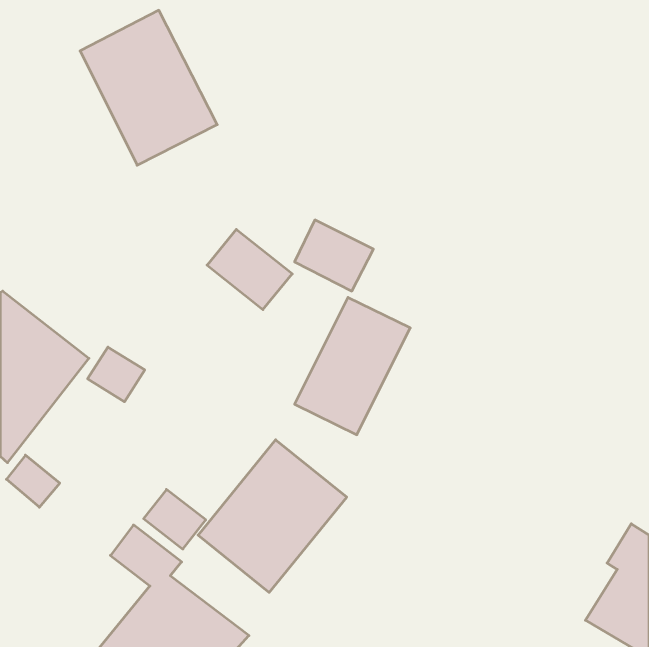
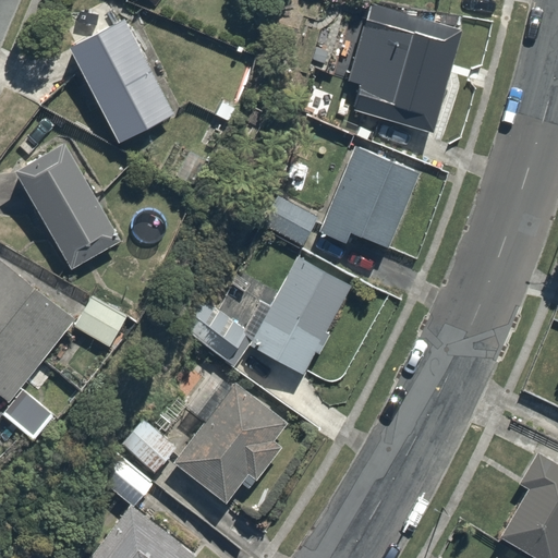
building: none -> [342,7,463,143]
building: none -> [14,142,116,268]
building: none -> [322,149,425,254]
building: [207,229,292,310] -> [181,299,254,367]

